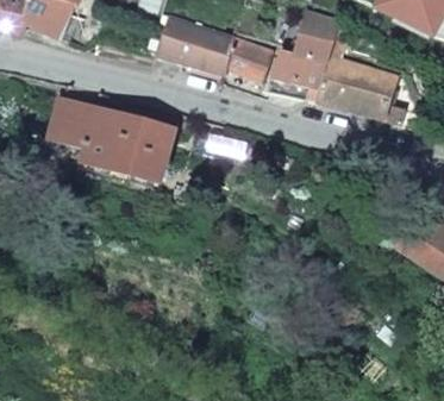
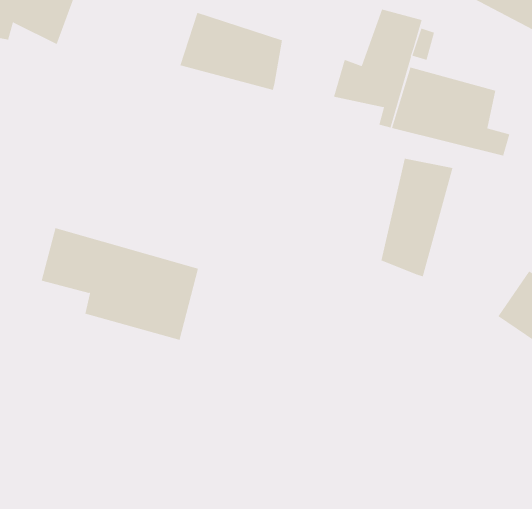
building: [226,36,273,83] -> none
building: [50,100,170,186] -> [41,228,199,340]
building: none -> [381,158,453,277]

